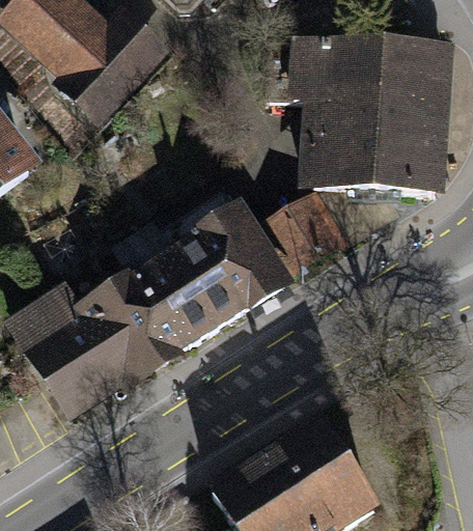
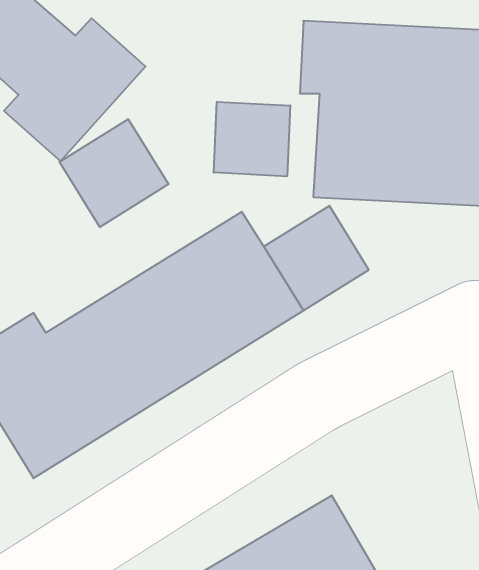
building: none -> [214,102,290,176]
building: none -> [59,119,168,227]

